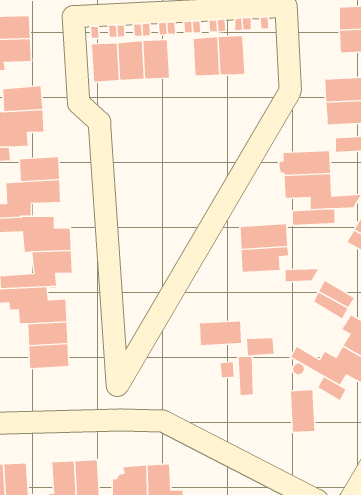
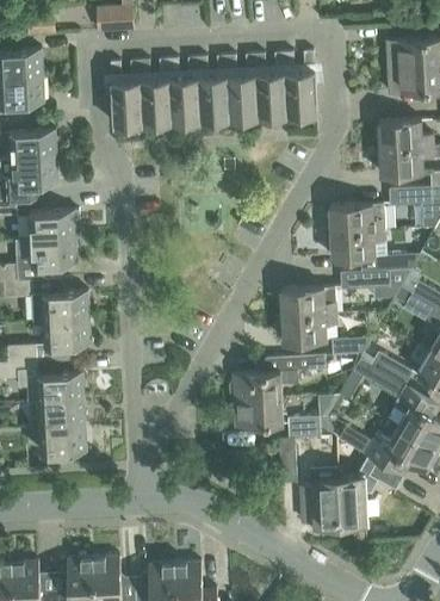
building: none -> [284,72,316,117]
building: none -> [198,76,229,122]
building: none -> [233,355,324,401]
building: none -> [299,478,340,527]

